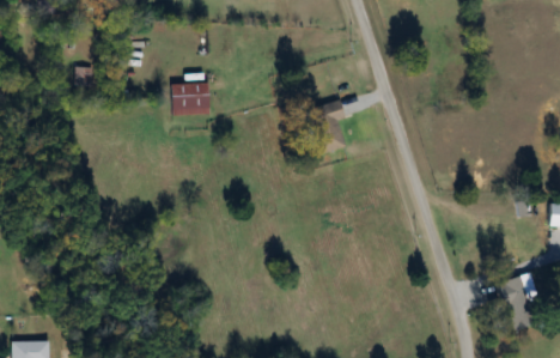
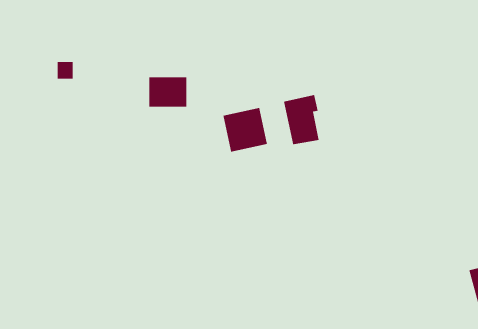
building: none -> [223,107,268,152]

